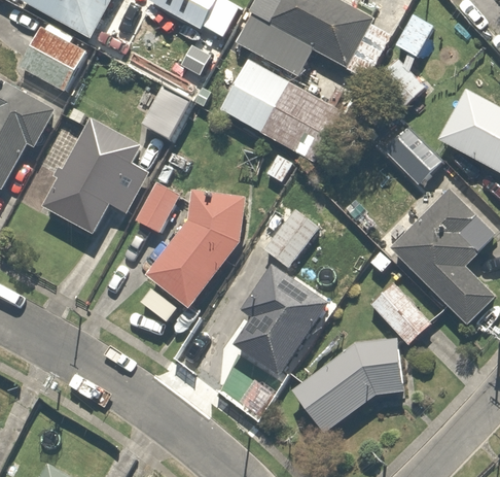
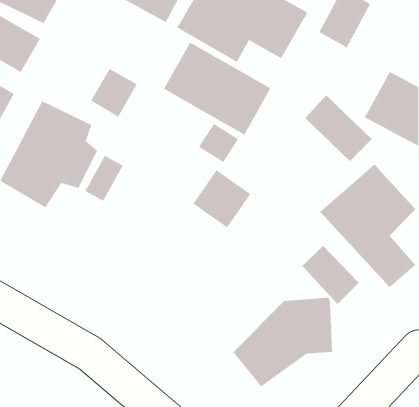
building: [146,192,246,309] -> none
building: [236,263,331,376] -> none

